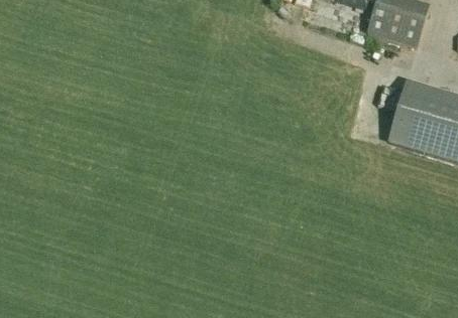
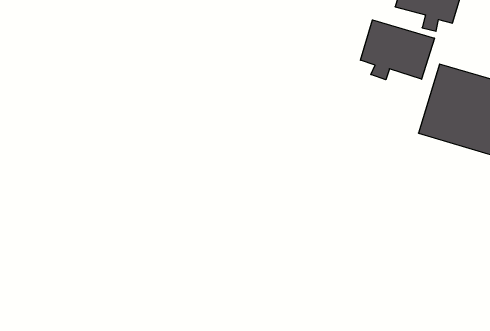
building: none -> [360,20,434,80]

